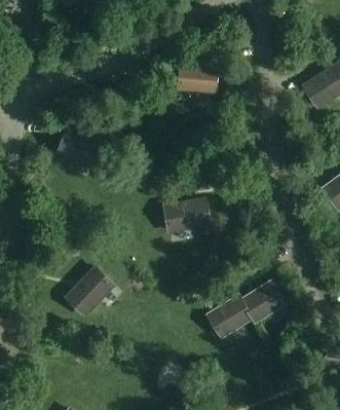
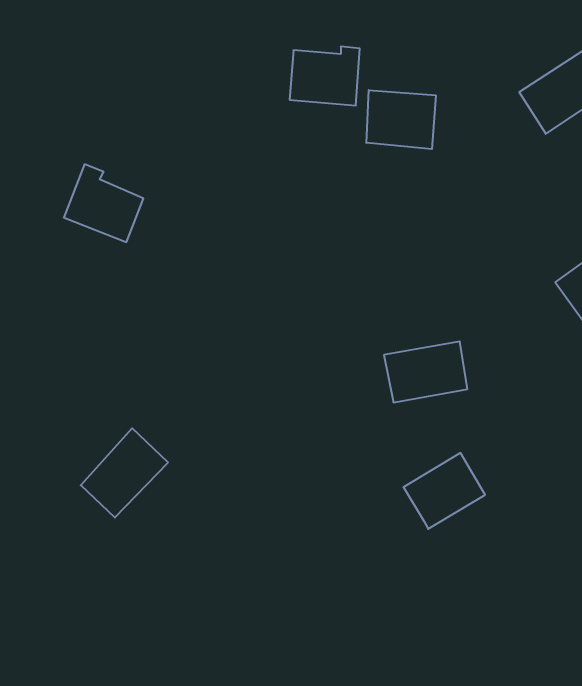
building: none -> [366,90,436,149]
building: [163,199,209,232] -> [384,342,467,402]
building: [206,296,252,338] -> none

